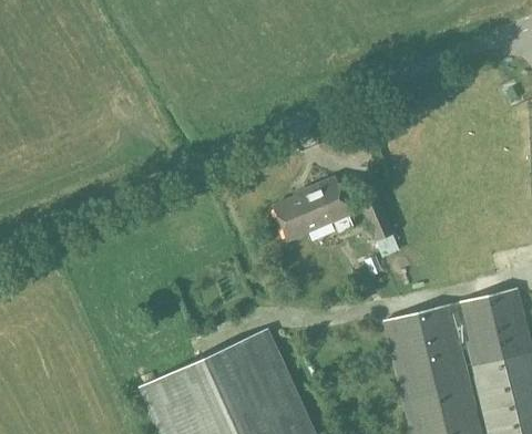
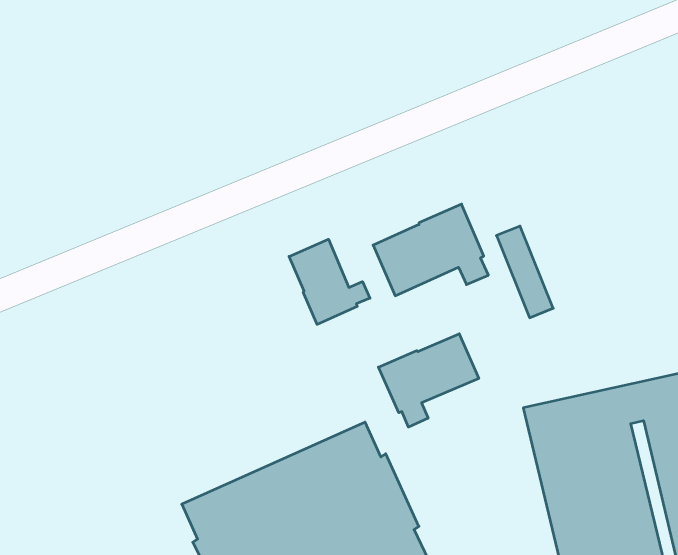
building: none -> [289,239,370,324]
building: none -> [378,334,479,427]

